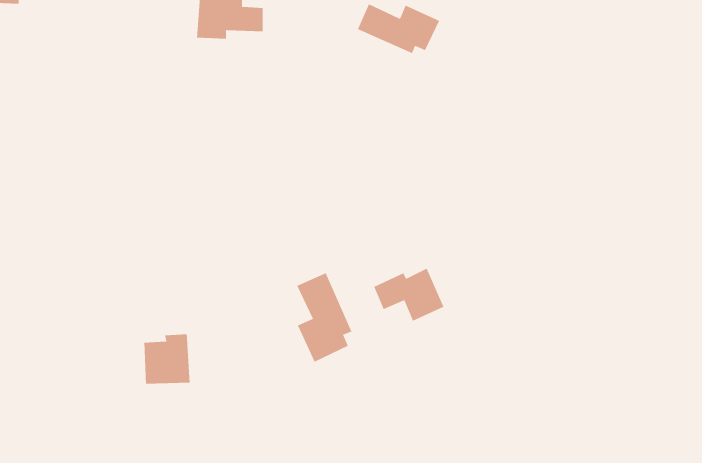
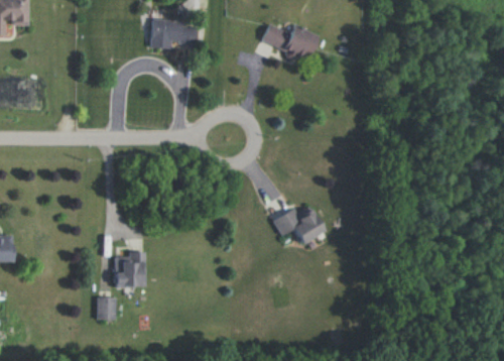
building: [296,272,353,363] -> none
building: none -> [97,296,116,320]

